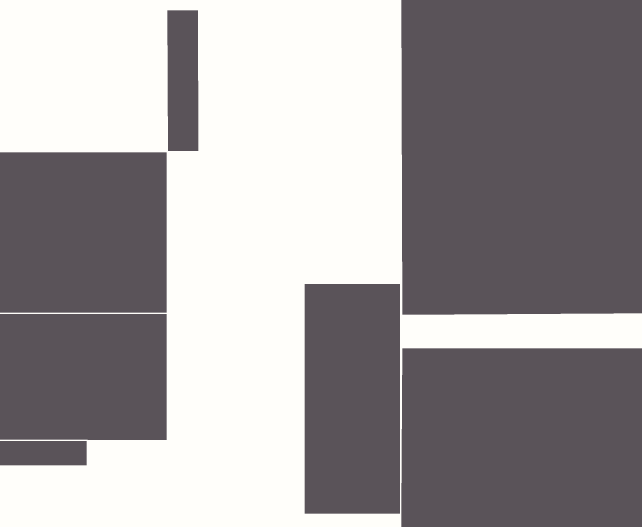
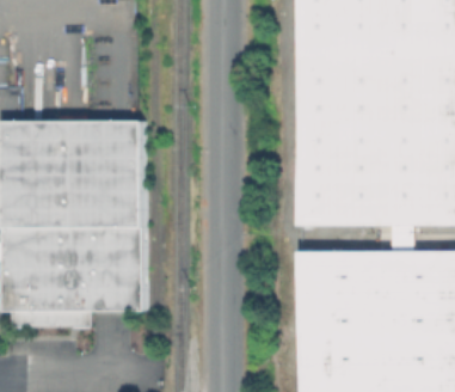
building: [167,10,199,152] -> none
building: [304,283,401,515] -> none

